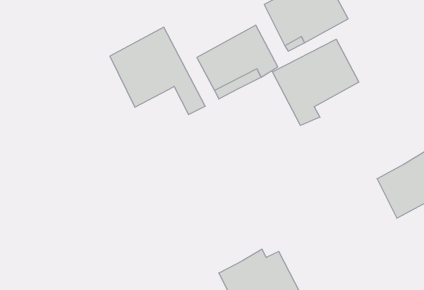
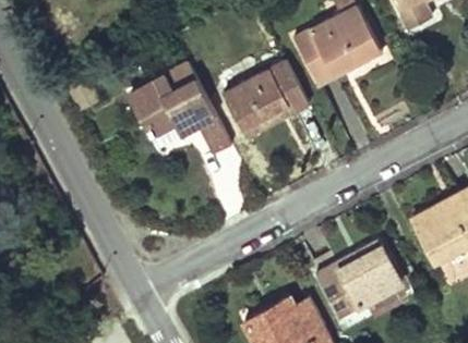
building: [272,39,359,125] -> none
building: none -> [316,241,401,318]

